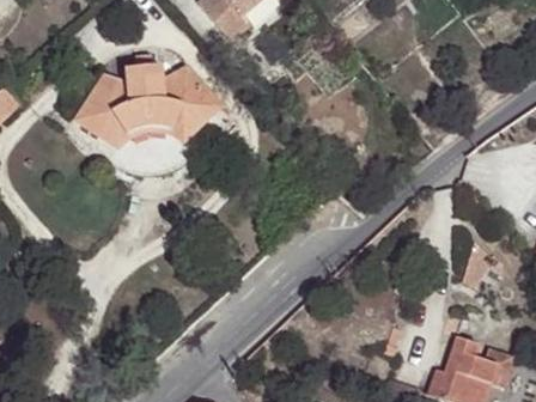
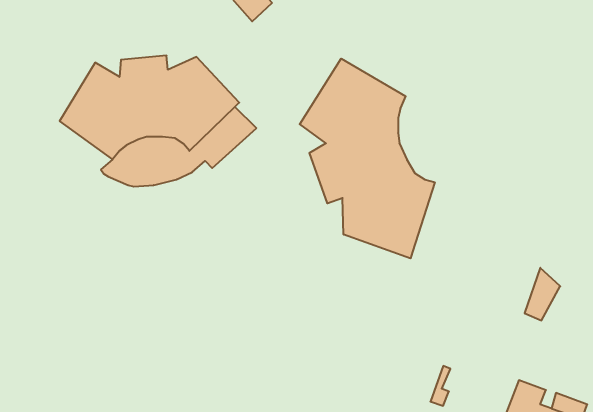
building: none -> [300,59,435,258]

